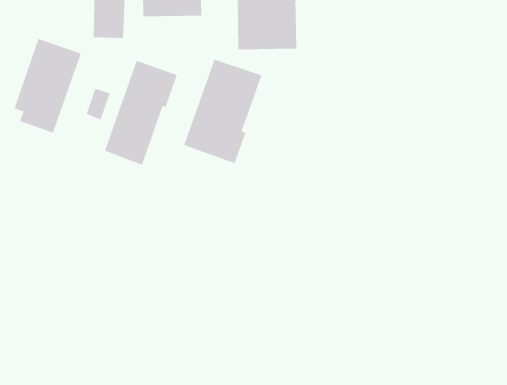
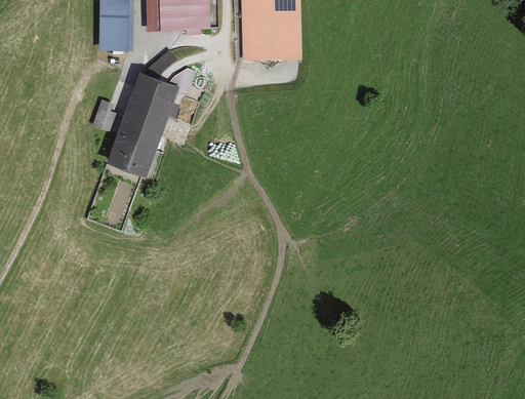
building: [14,38,81,133] -> none
building: [184,59,262,164] -> none

